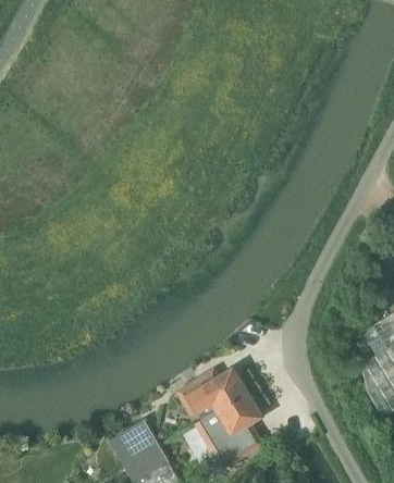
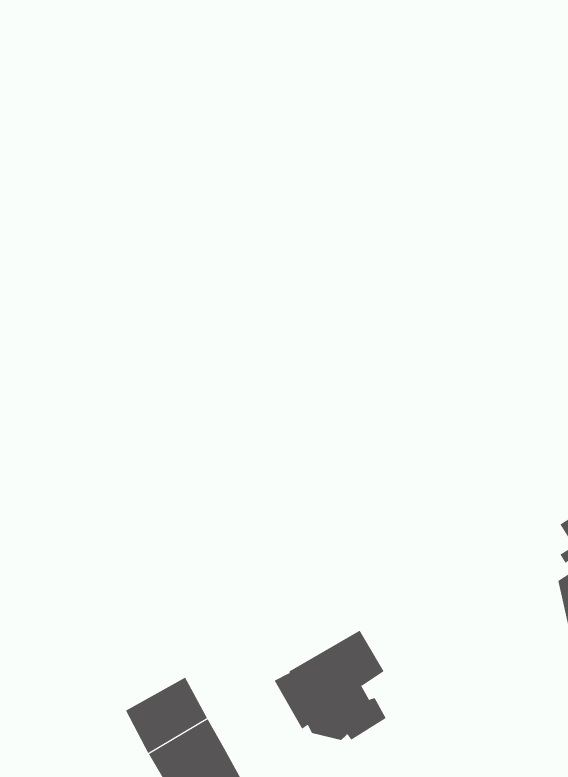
building: [180,369,247,417] -> none

